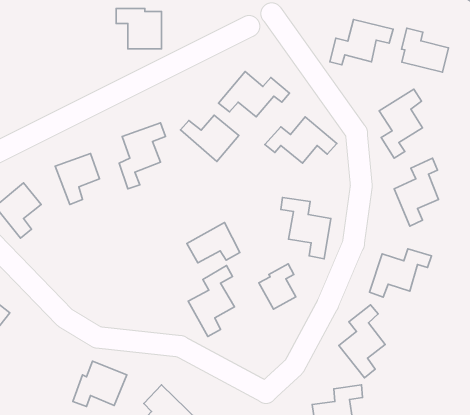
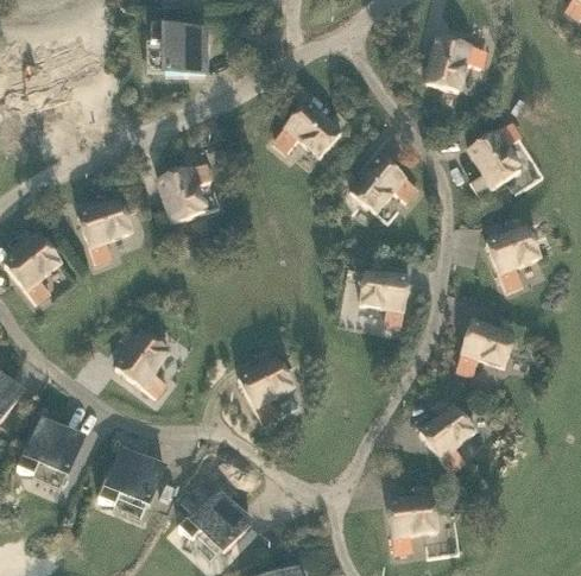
building: [402,28,449,72] -> none
building: [180,115,239,161] -> none
building: [187,223,240,263] -> none
building: none -> [115,309,169,395]
building: [259,264,296,309] -> none
building: none -> [17,420,83,475]

